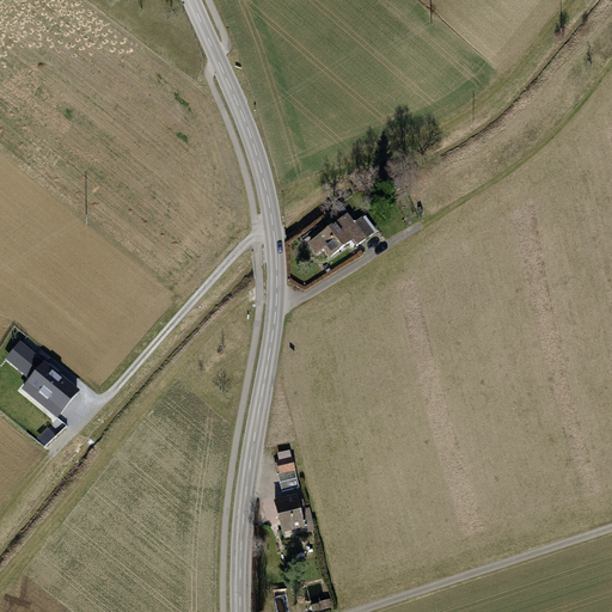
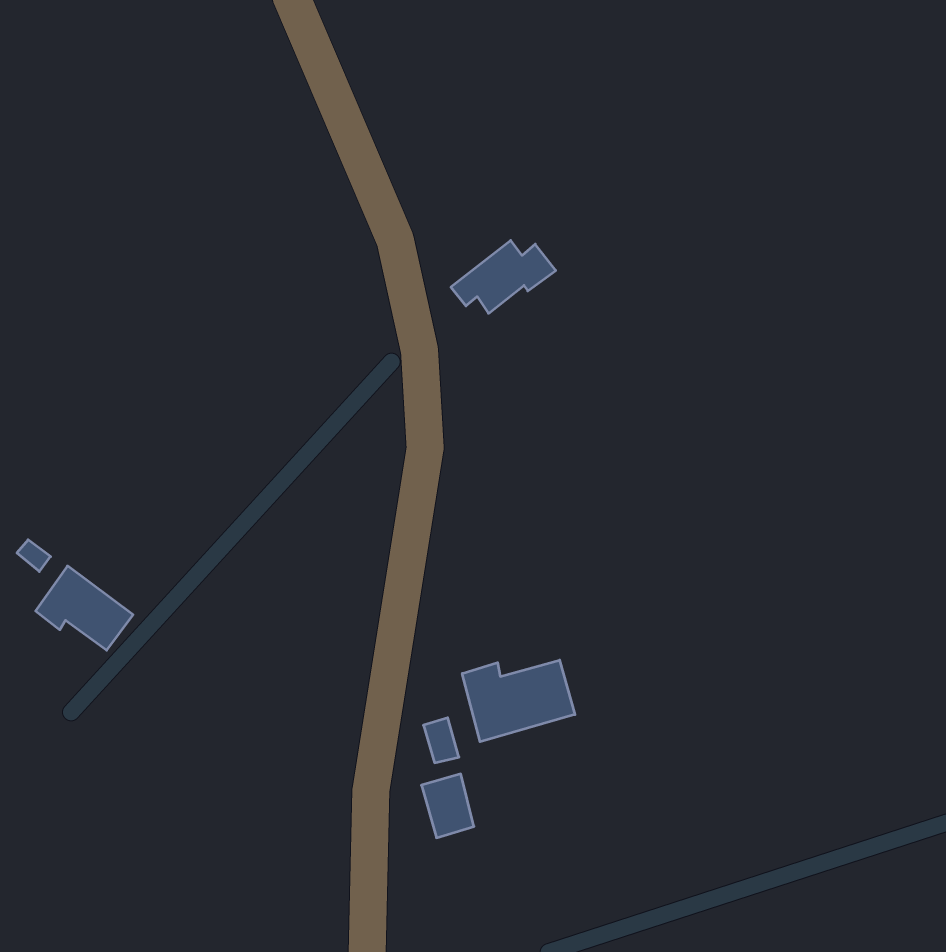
building: [306,212,373,258] -> [451,240,556,313]
building: none -> [462,660,575,742]

